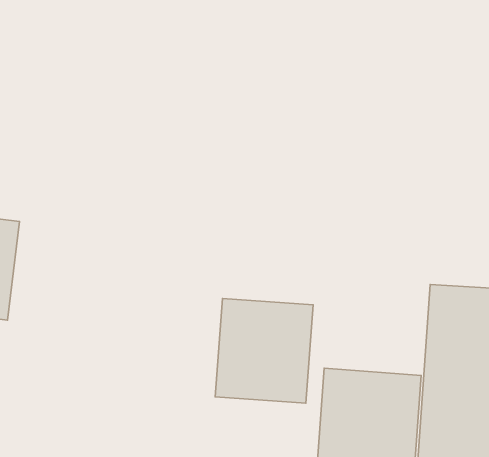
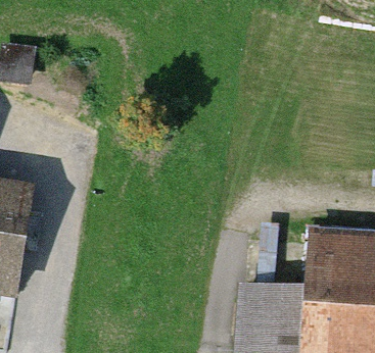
building: [215,299,313,403] -> none

